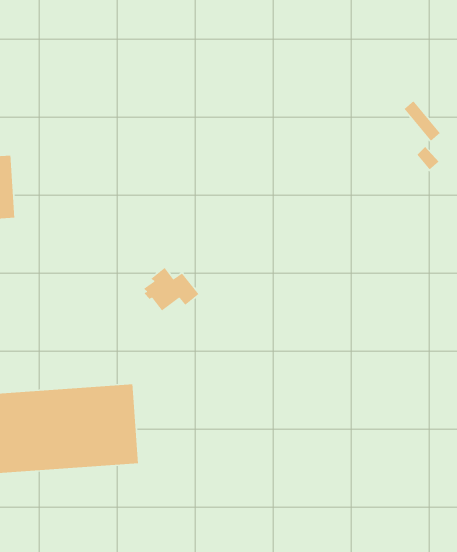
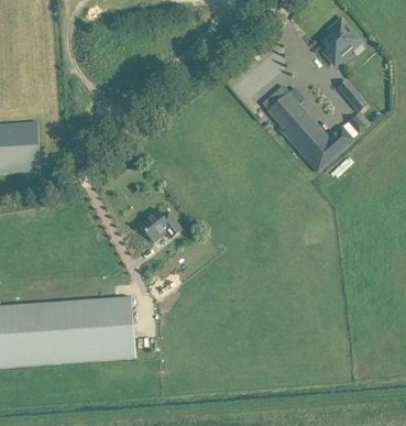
building: none -> [323,20,359,62]
building: none -> [267,94,353,171]

